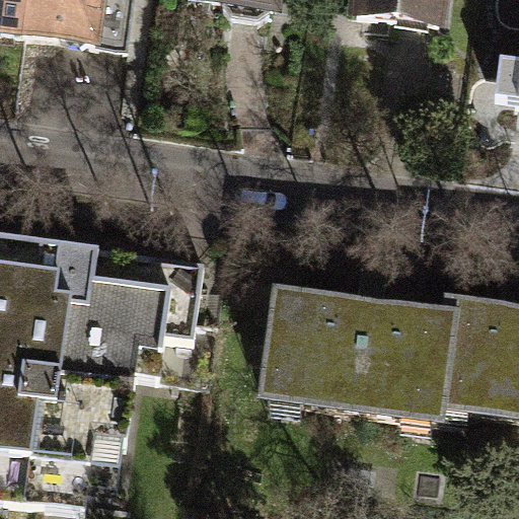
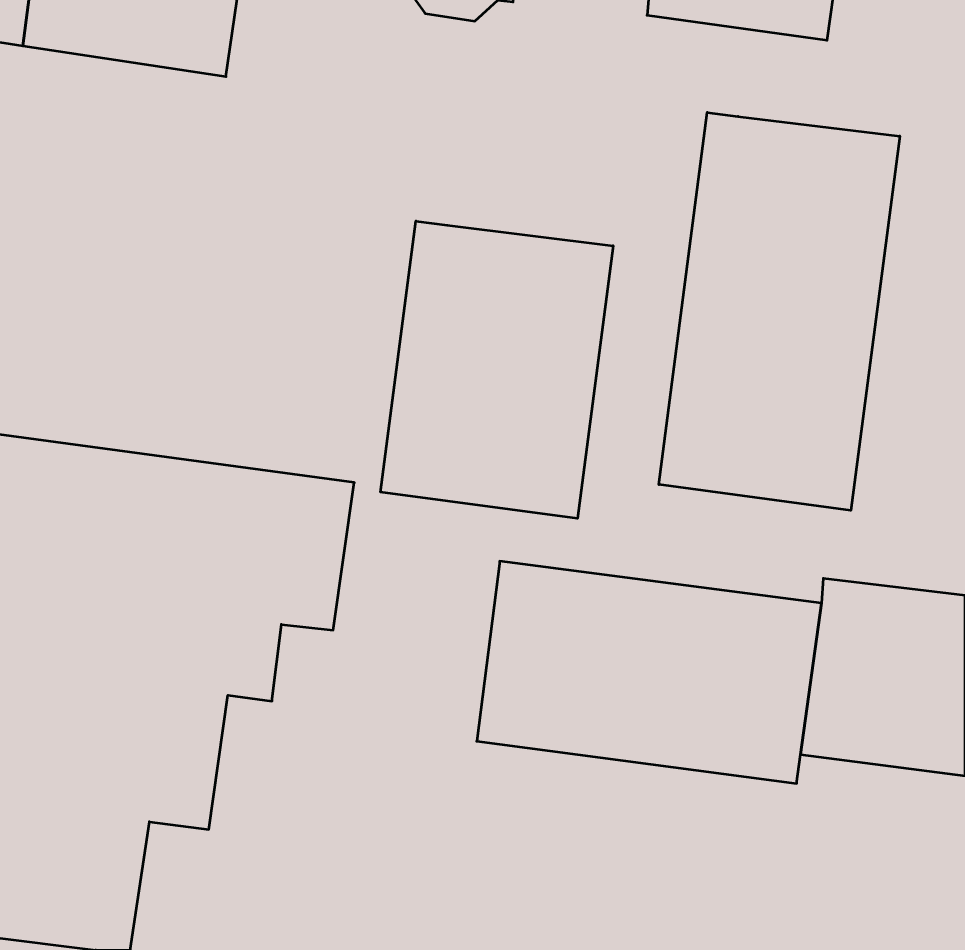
building: none -> [659,112,900,510]
building: none -> [381,221,613,518]

